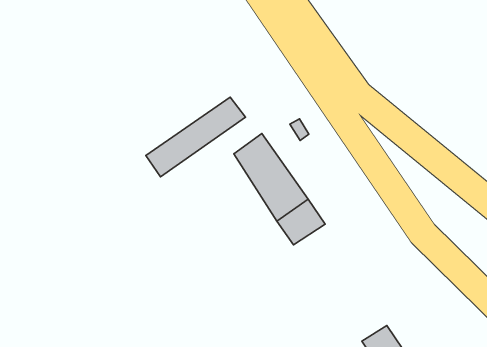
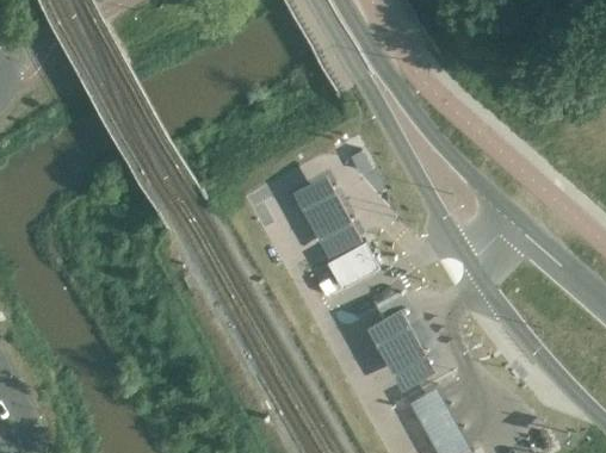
building: [146,97,245,177] -> none
building: none -> [363,299,435,387]

